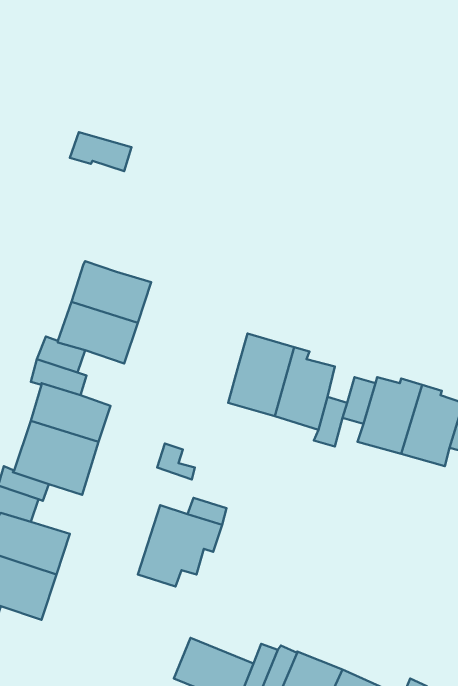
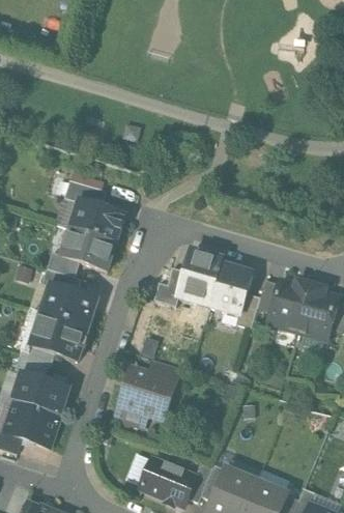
building: [70,132,132,171] -> [64,180,107,207]
building: none -> [154,267,185,306]

